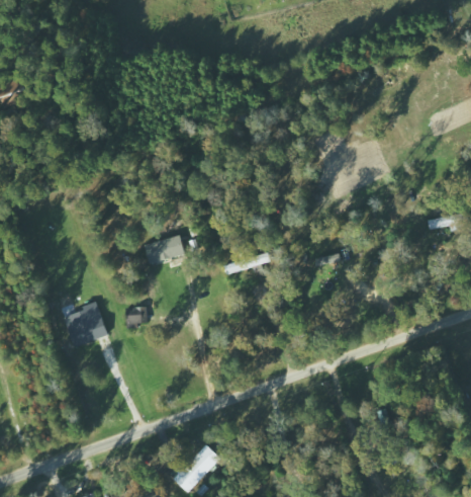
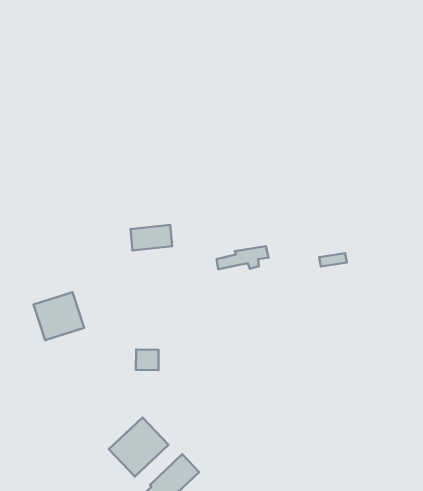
building: [125,307,147,326] -> [136,350,159,370]
building: none -> [109,418,169,477]

